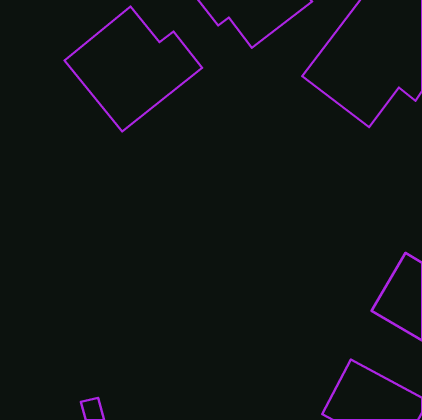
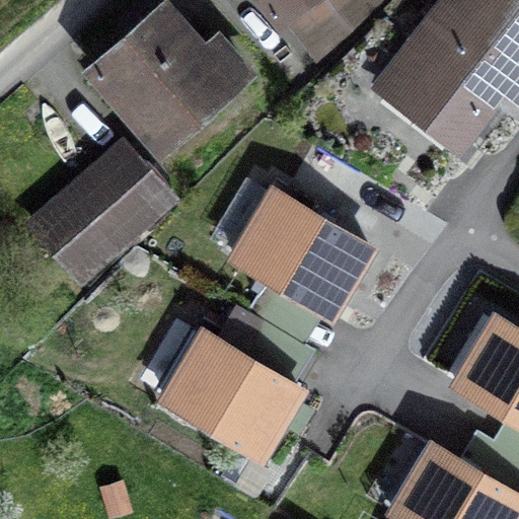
building: none -> [24,148,170,289]
building: none -> [235,187,372,310]
building: none -> [162,328,297,450]

